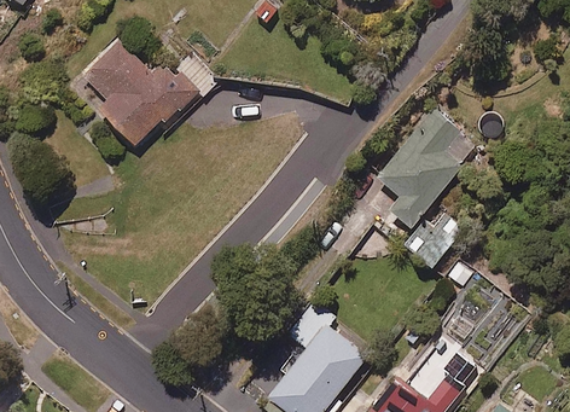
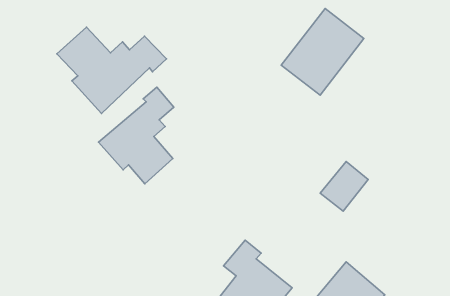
building: [376,112,476,217] -> [281,8,364,95]
building: none -> [99,87,174,184]

